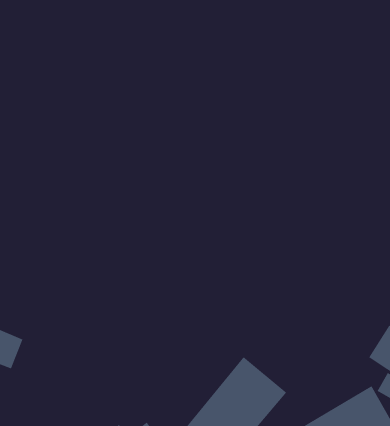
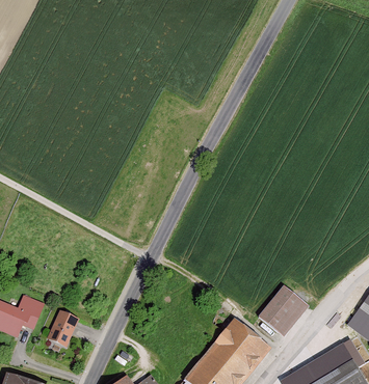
building: none -> [258,284,310,336]
building: none -> [47,309,79,347]

